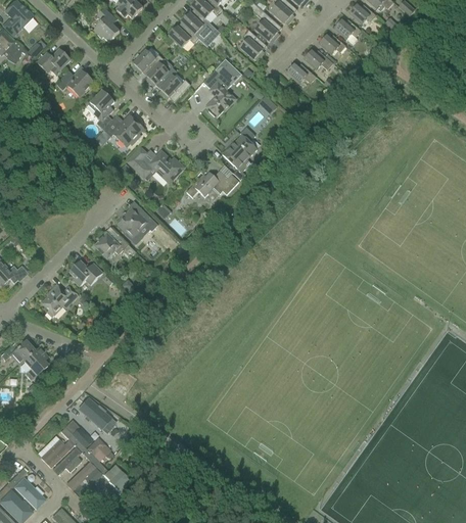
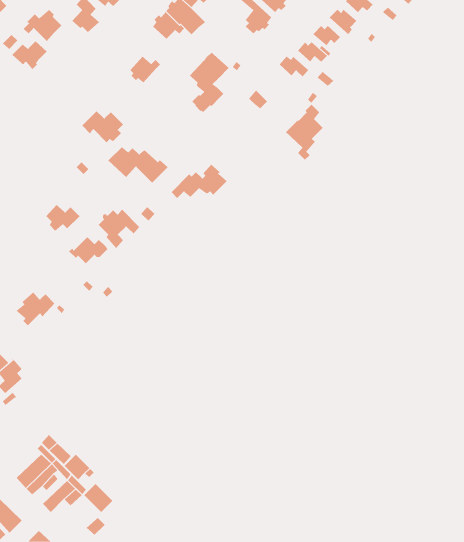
building: [239,30,266,59] -> none
building: [133,50,162,77] -> none
building: [56,66,93,97] -> [23,9,62,42]
building: [159,76,189,102] -> none
building: [86,90,113,129] -> none
building: [221,127,257,180] -> [285,104,323,161]
building: [68,260,101,286] -> [46,204,80,231]
building: [78,398,114,433] -> none

